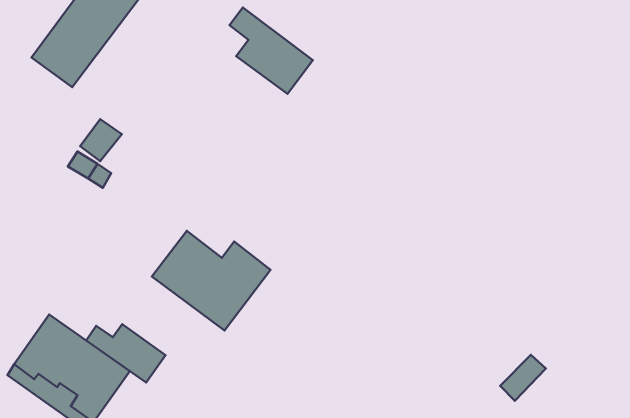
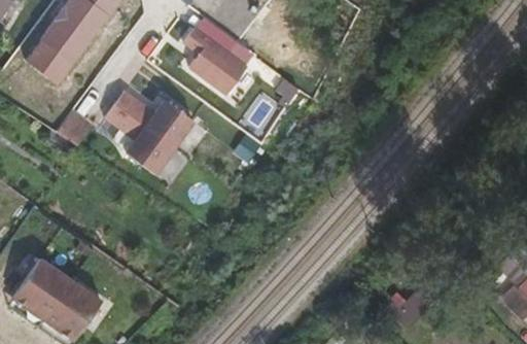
building: [152,231,270,330] -> [102,89,192,165]
building: [86,324,165,383] -> none

